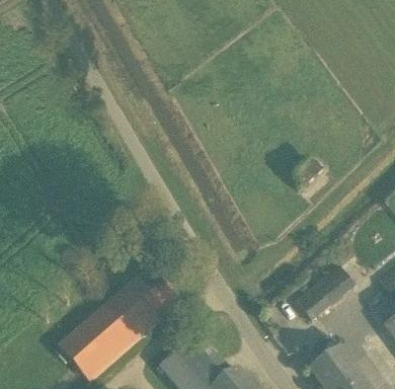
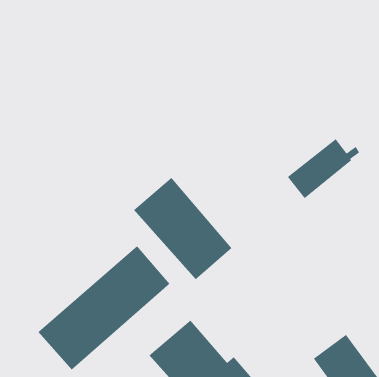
building: none -> [133,177,233,280]
building: [297,262,364,318] -> [287,138,360,199]

